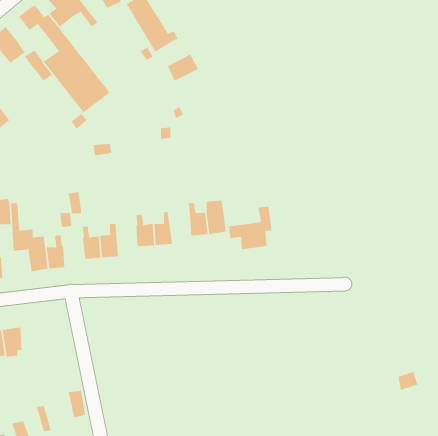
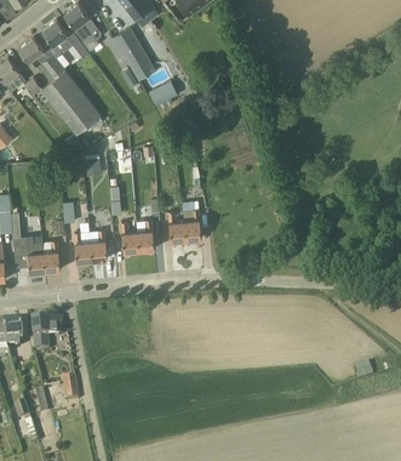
building: [228,206,272,250] -> none
building: none -> [31,318,63,351]

